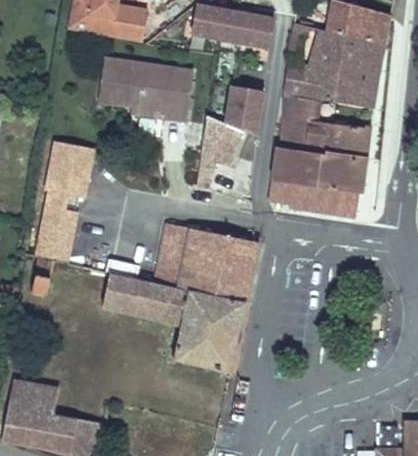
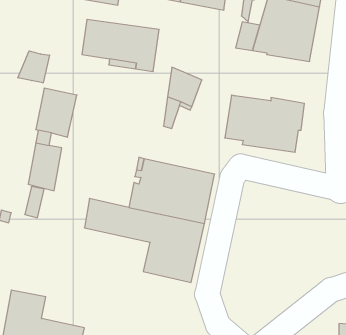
building: [226,85,264,136] -> none
building: [282,94,369,158] -> none
building: none -> [18,51,50,83]

